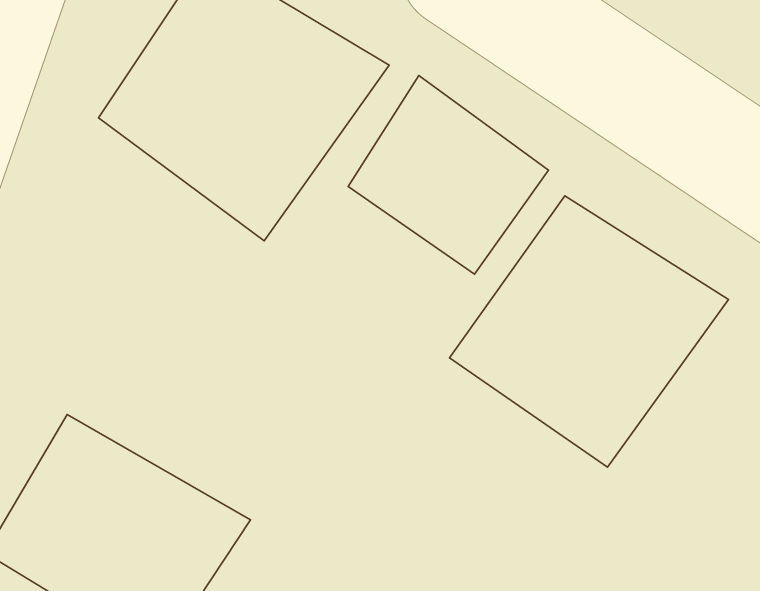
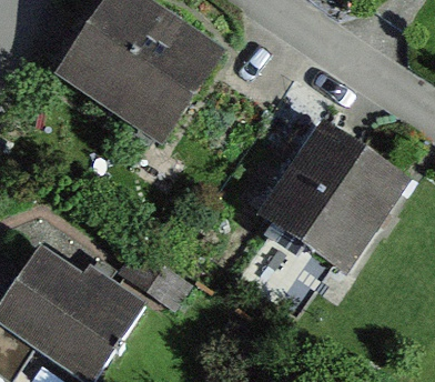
building: [348,76,548,274] -> none

